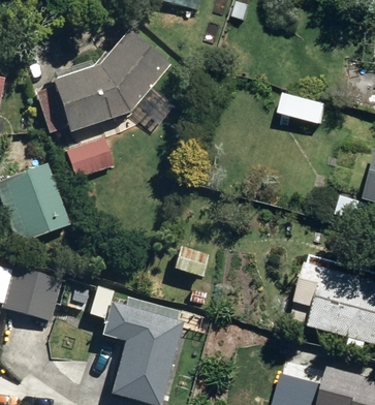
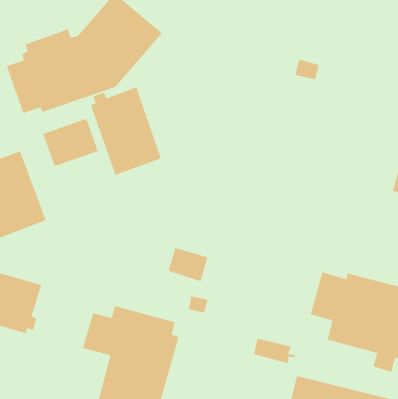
building: none -> [90,86,162,176]

